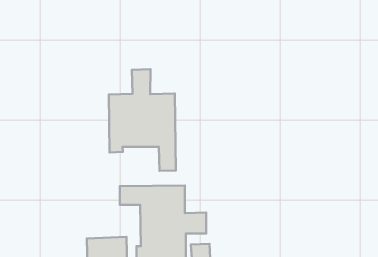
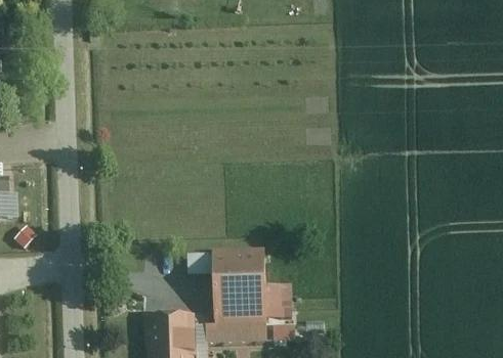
building: [109,69,176,171] -> none

